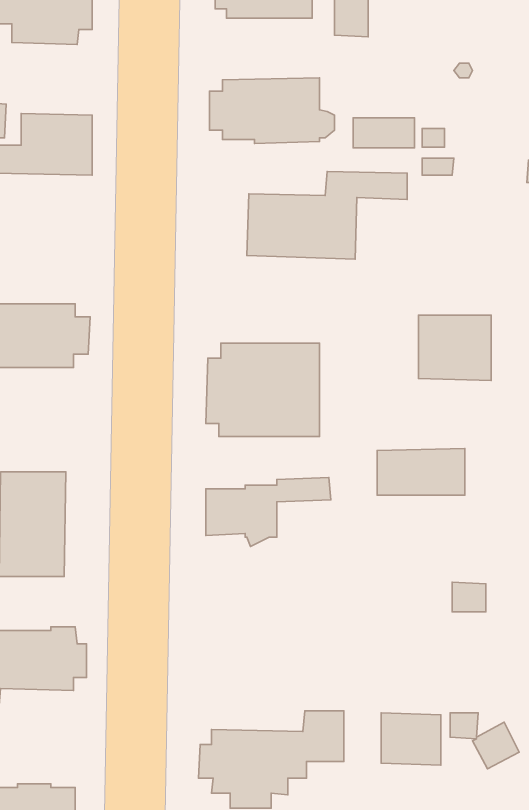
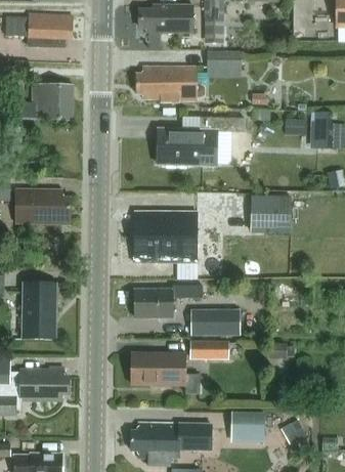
building: [353,118,415,148] -> [207,50,241,67]
building: [377,449,465,495] -> [191,309,240,335]
building: none -> [190,341,228,358]
building: none -> [131,352,200,392]

